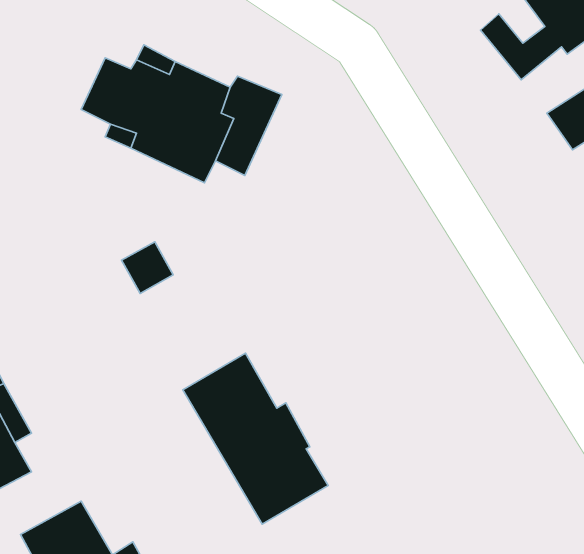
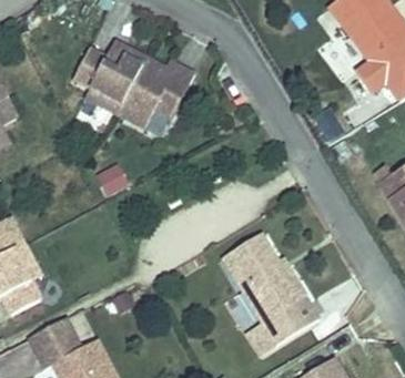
building: [183,353,328,524] -> [223,241,311,344]

